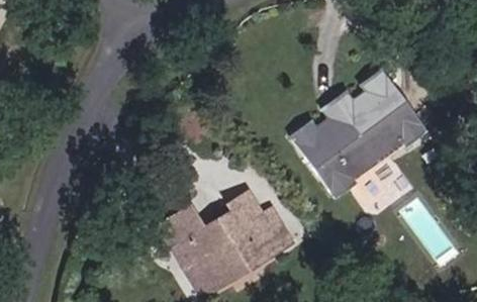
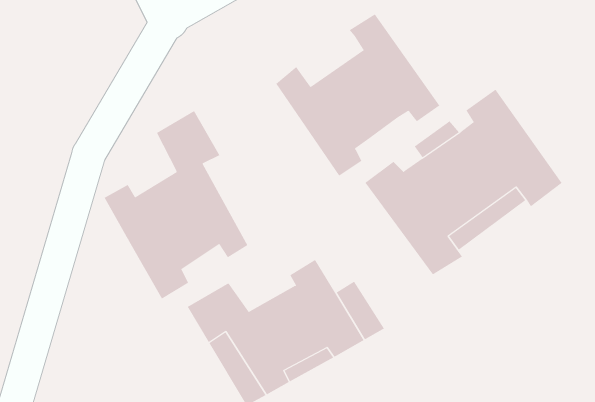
building: none -> [275,14,440,176]
building: none -> [104,110,248,300]

